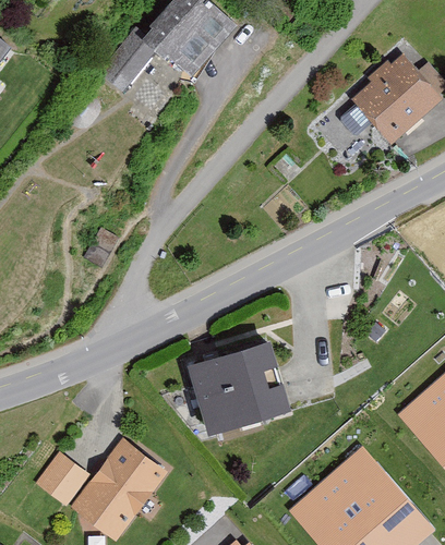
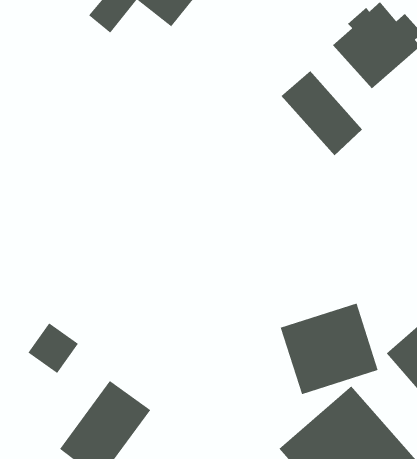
building: none -> [280,70,363,156]
building: [178,340,278,434] -> [280,303,378,395]
building: [34,456,86,508] -> [27,322,79,374]

